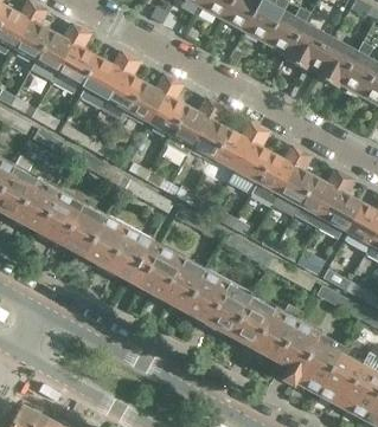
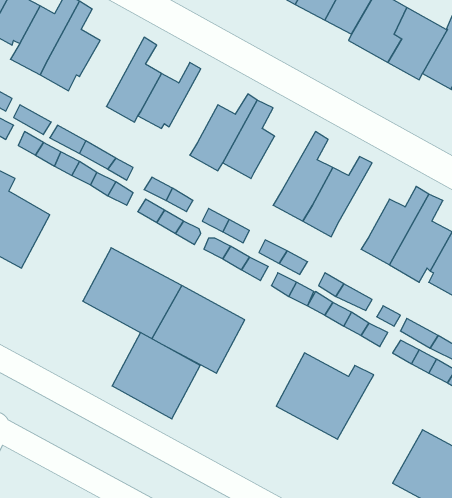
building: [79,51,129,108] -> none
building: [148,79,185,136] -> none
building: [212,122,258,172] -> none
building: [276,150,314,207] -> none
building: [37,189,104,254] -> none
building: [184,269,250,334] -> [112,332,200,419]
building: [275,318,345,392] -> none

